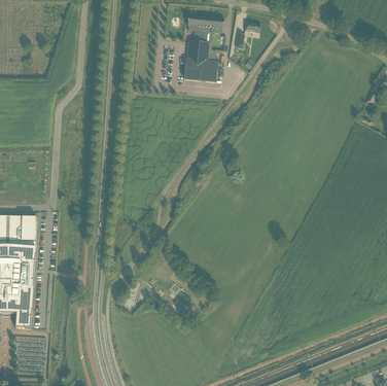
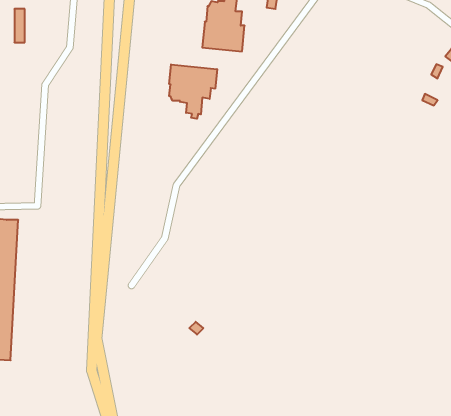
building: none -> [169,64,217,119]

